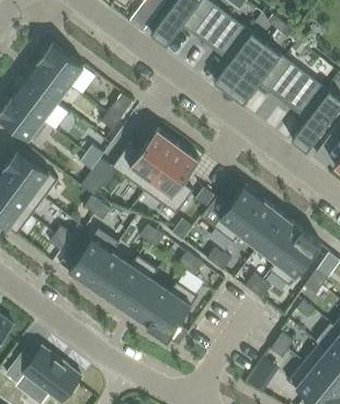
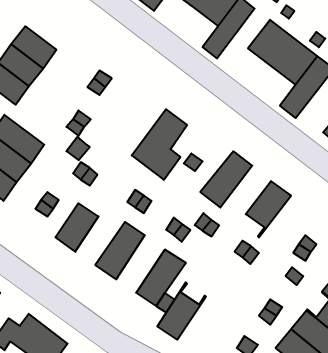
building: [38,44,83,85] -> none
building: [228,45,281,105] -> none
building: [112,129,178,191] -> none
building: [231,200,282,249] -> none
building: [270,230,320,286] -> none
building: [88,251,137,299] -> none
building: [128,269,177,326] -> [157,282,206,340]

